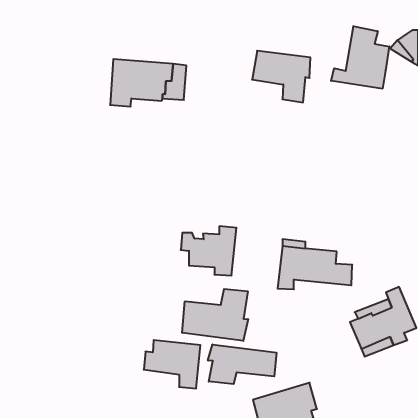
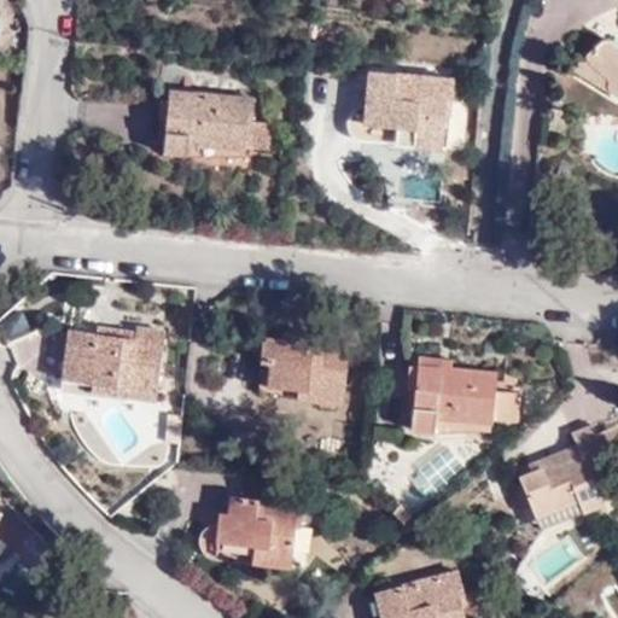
building: [331,26,389,89] -> none
building: none -> [59,336,161,408]
building: [182,289,248,341] -> none
building: [208,344,276,384] -> none

